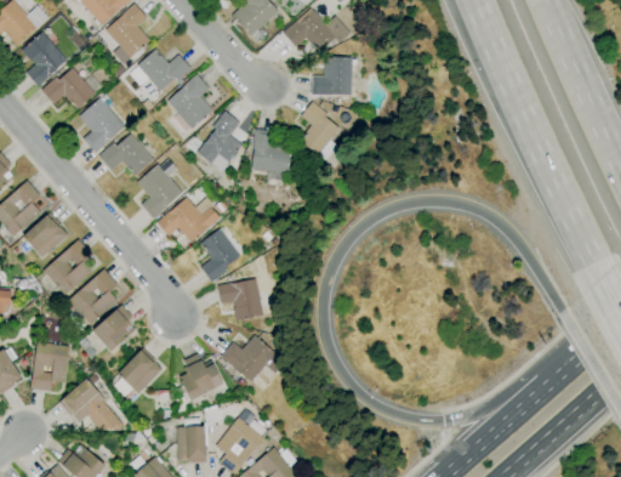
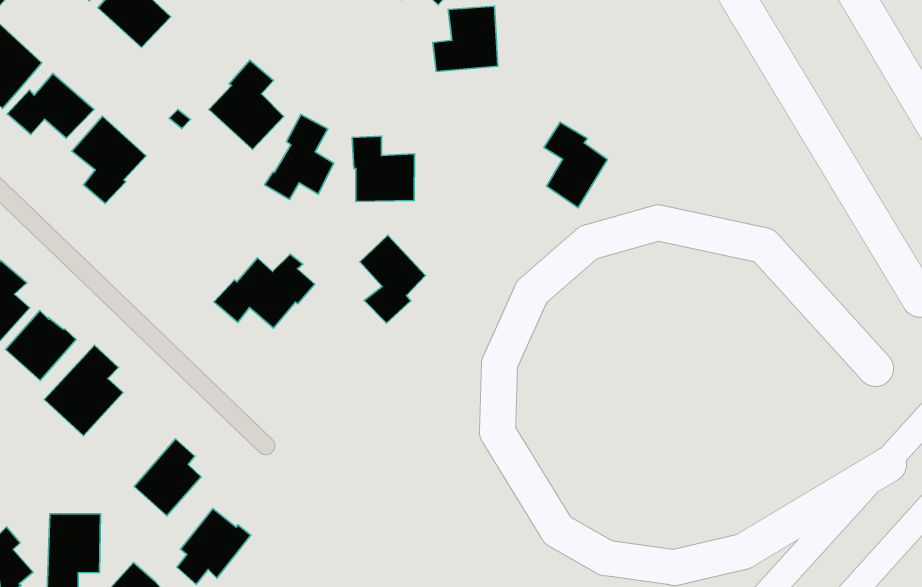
building: [137,49,192,92] -> none
building: [300,102,340,157] -> [544,122,607,208]
building: [99,134,154,176] -> none
building: [137,164,183,220] -> none
building: [200,228,240,283] -> [360,235,426,323]
building: [69,269,119,325] -> none
building: [218,279,263,322] -> none
building: [220,334,292,382] -> none
building: [180,353,223,401] -> none

